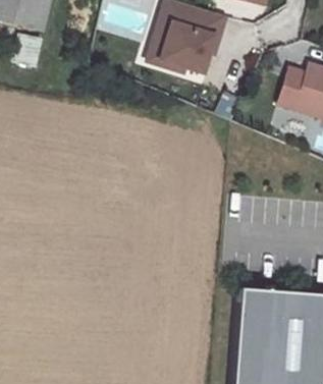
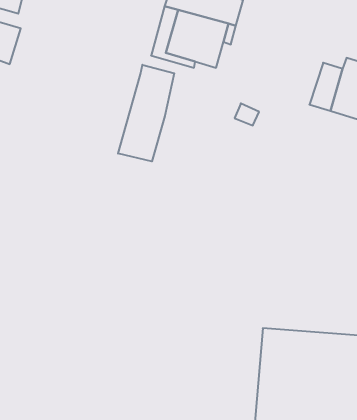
building: none -> [118,65,174,161]

